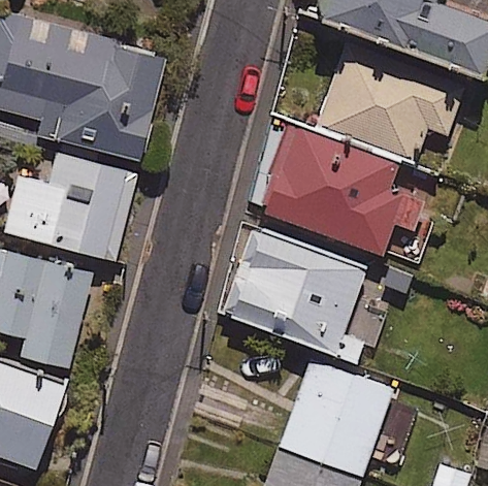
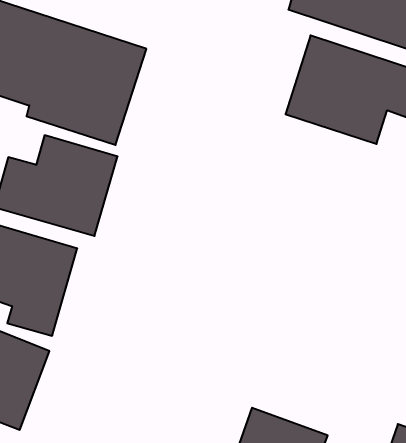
building: [260,125,427,268] -> none
building: [223,228,364,359] -> none
building: [280,361,391,477] -> none

